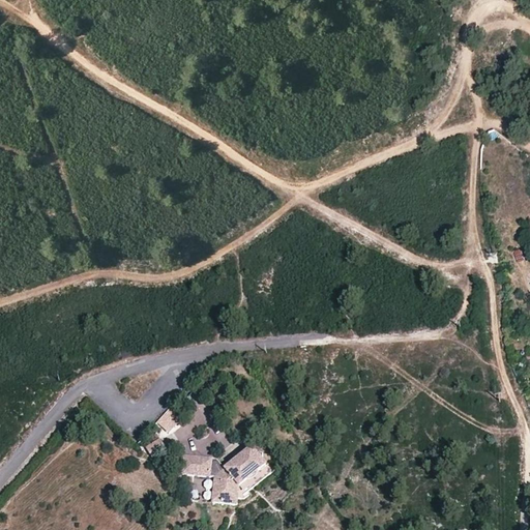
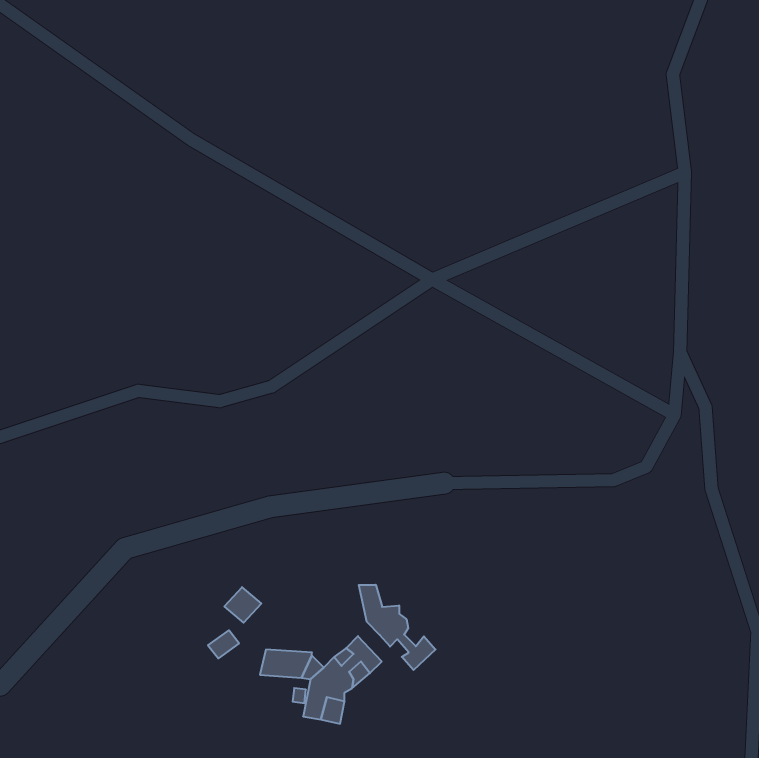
building: none -> [359,585,436,670]

